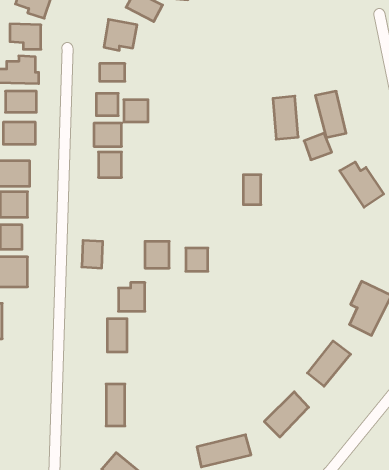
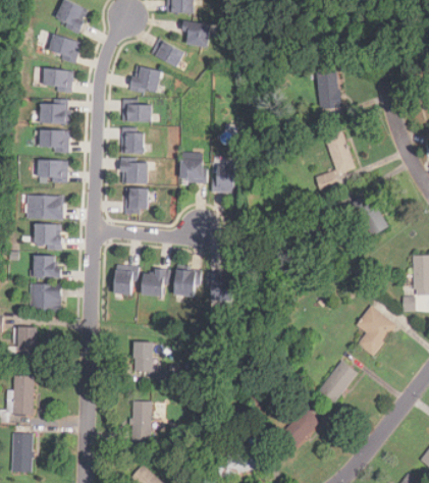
building: [273,96,298,139] -> [317,71,340,111]
building: [124,100,148,122] -> [180,159,203,179]
building: [243,175,261,205] -> [217,165,233,193]
building: [118,283,145,311] -> [137,268,161,294]

